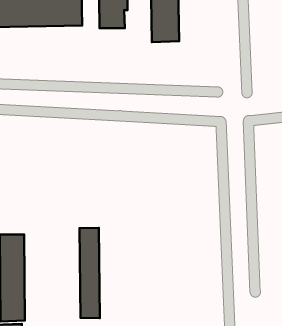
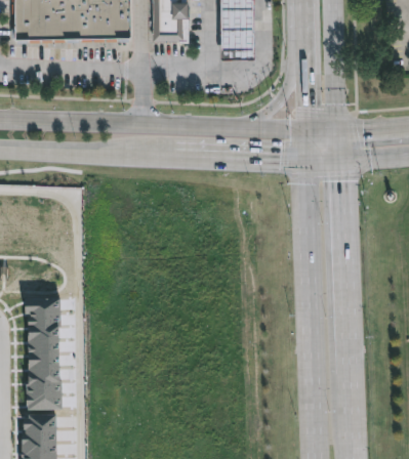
building: [80,228,100,318] -> none

